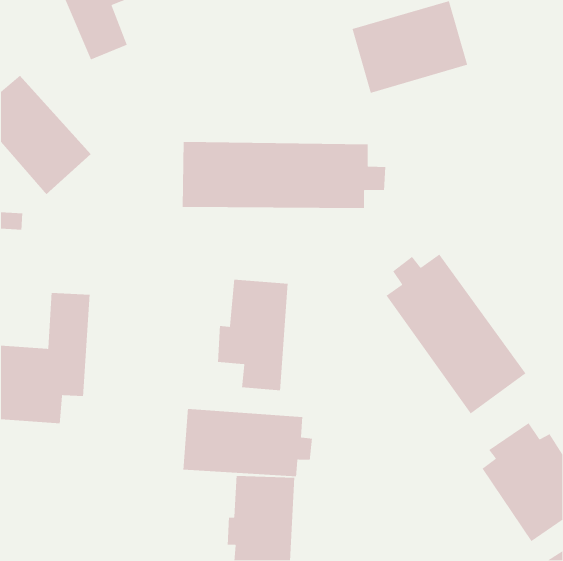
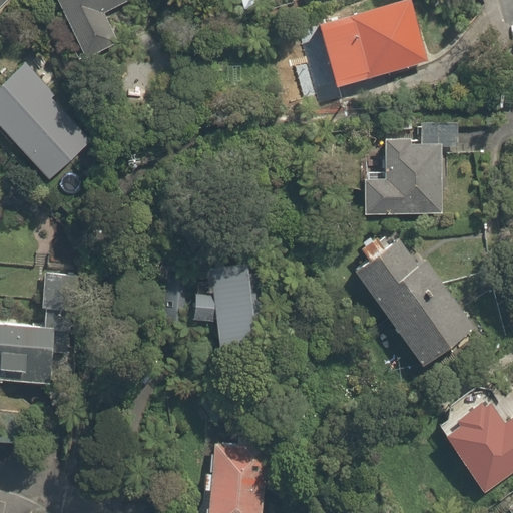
building: [182,141,386,209] -> none
building: none -> [367,139,440,212]
building: [183,408,313,477] -> none

